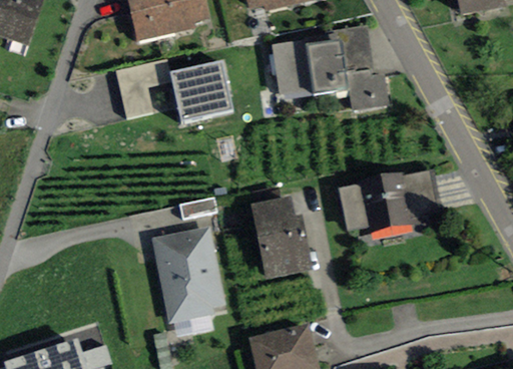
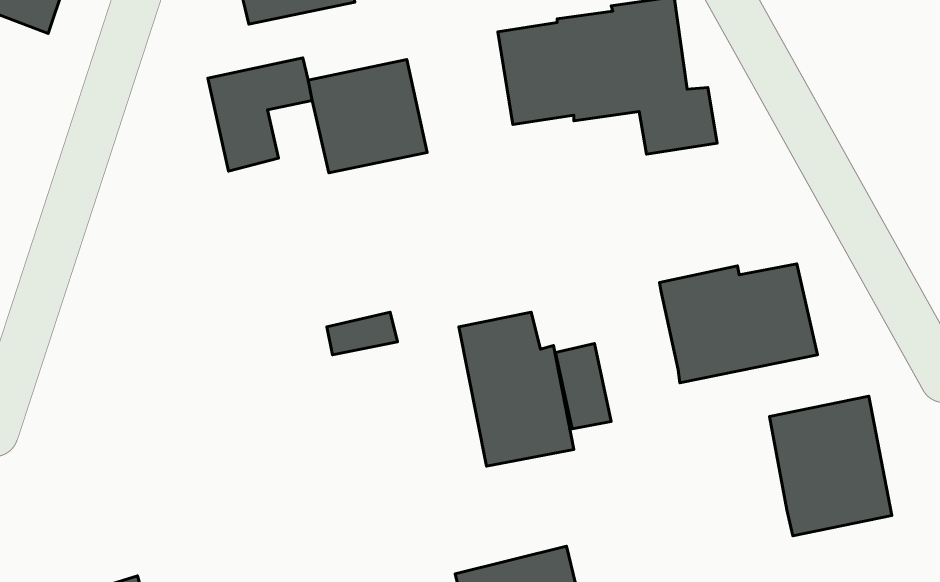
building: [338,184,368,231] -> [555,343,611,429]
building: [149,227,225,336] -> none
building: none -> [770,396,892,536]

